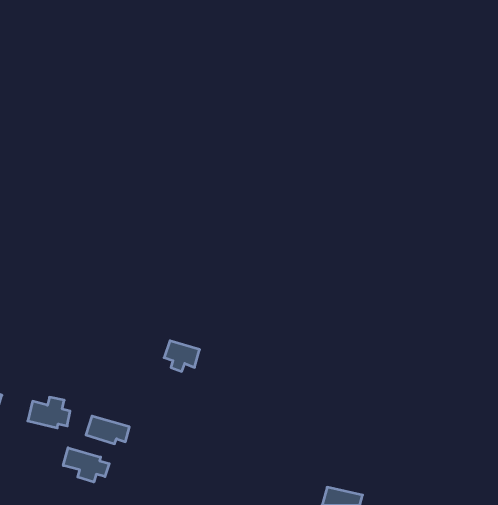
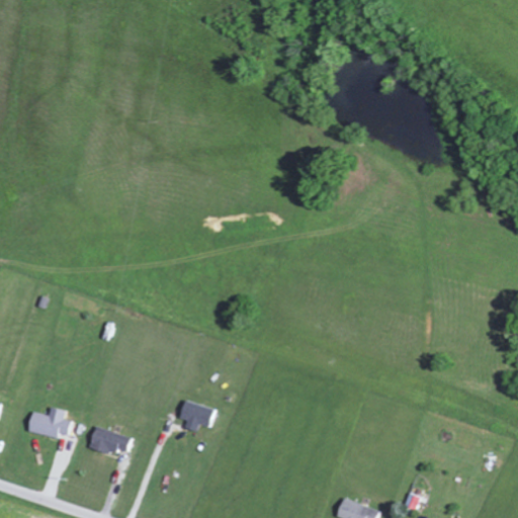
building: [164,341,200,371] -> [178,400,214,431]
building: [63,448,109,482] -> none

